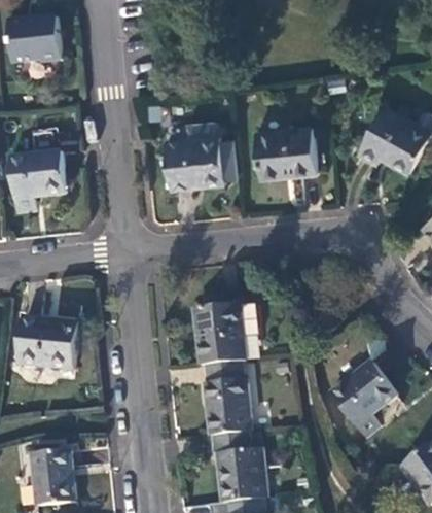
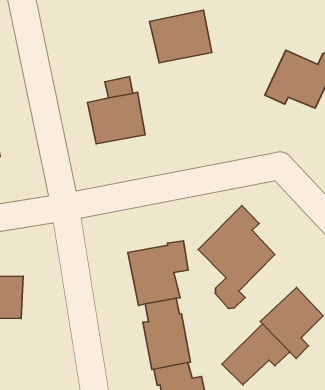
building: [255,126,319,178] -> [150,10,212,63]
building: none -> [198,206,275,309]
building: none -> [222,324,290,385]

